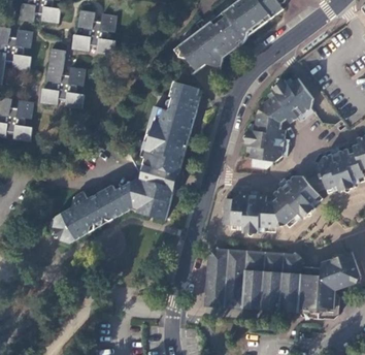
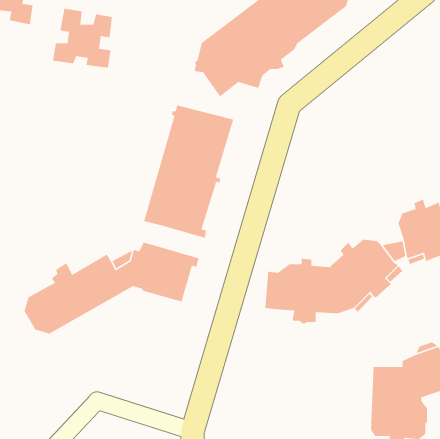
building: [40,49,85,107] -> none
building: [244,77,313,168] -> none
building: [143,166,184,190] -> none
building: [203,247,303,312] -> none

